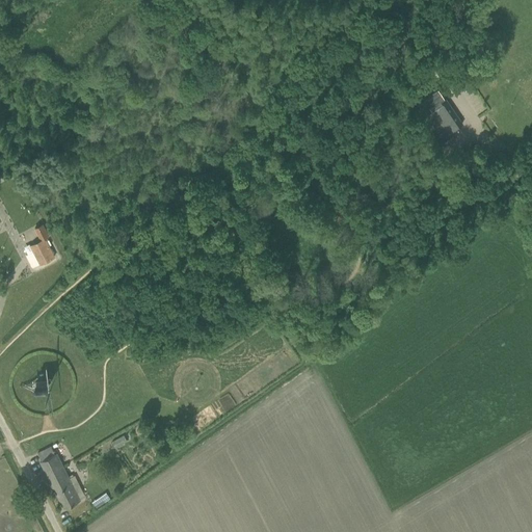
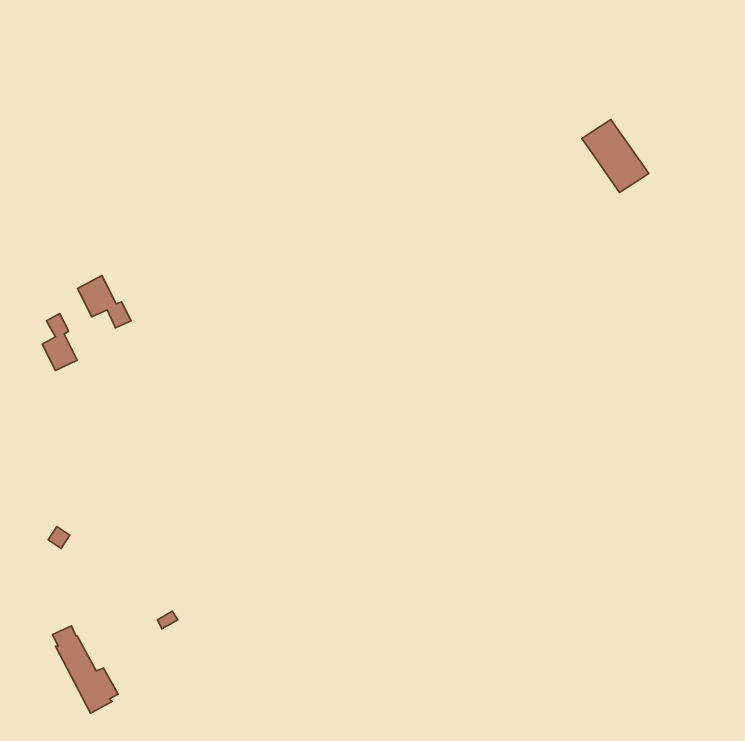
building: none -> [78,275,131,328]

